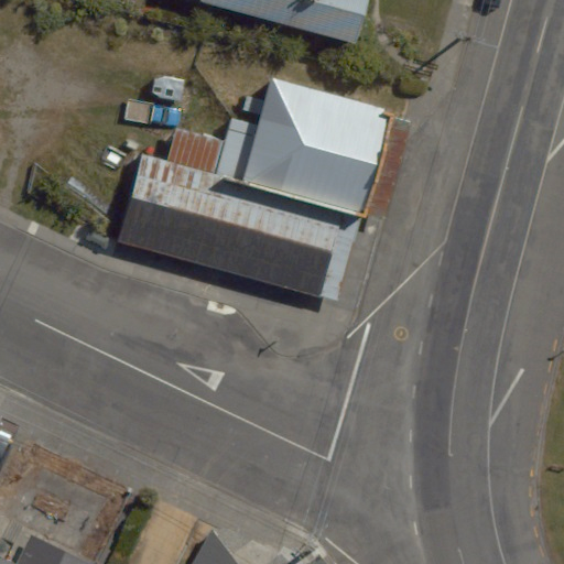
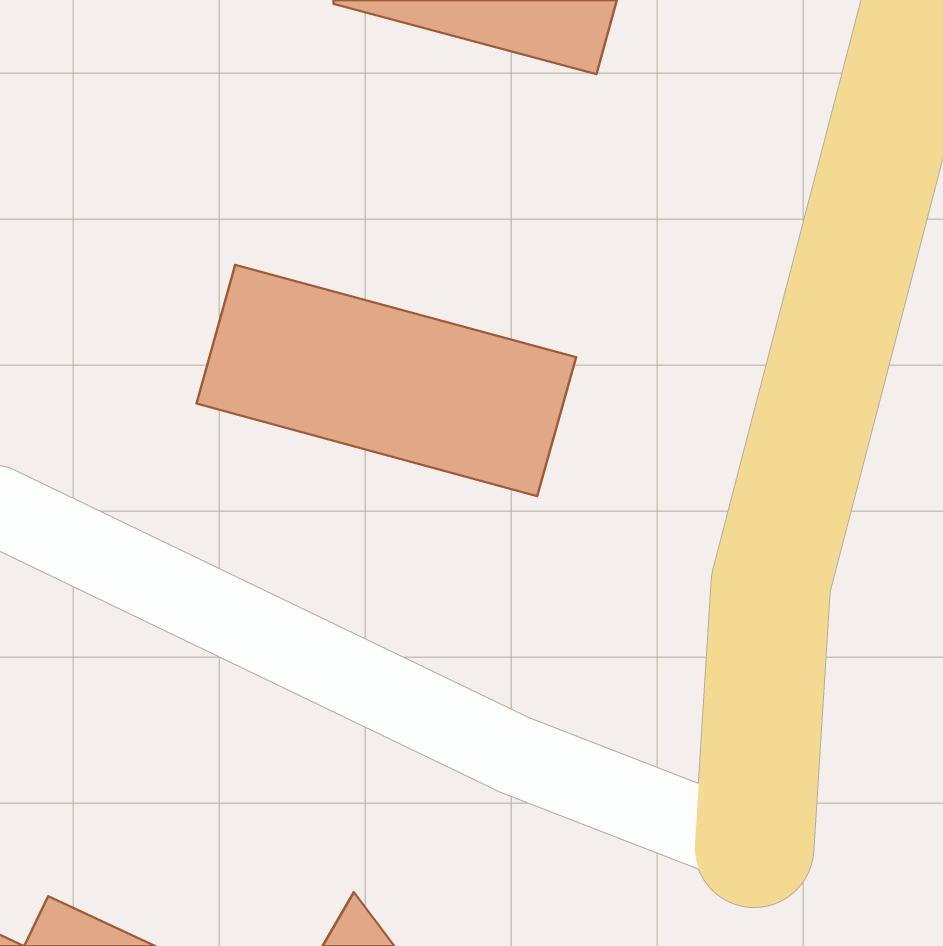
building: [242,79,390,215] -> none

